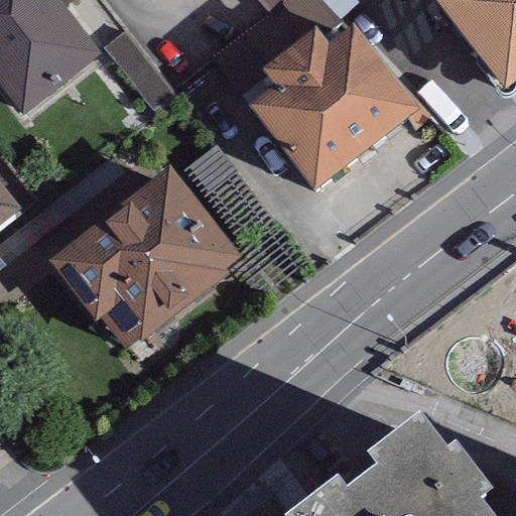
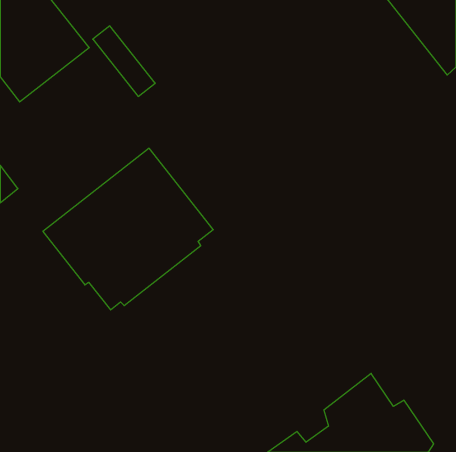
building: [248,19,419,185] -> none

